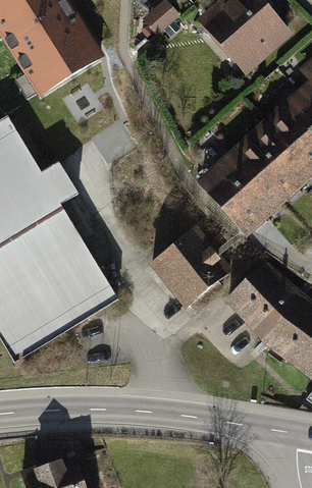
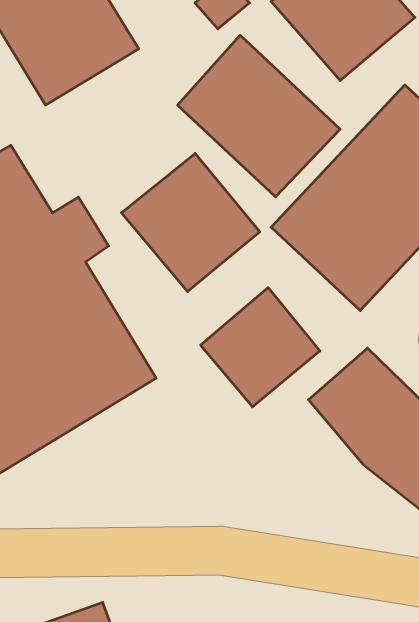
building: none -> [178,35,340,197]
building: none -> [121,153,260,292]

